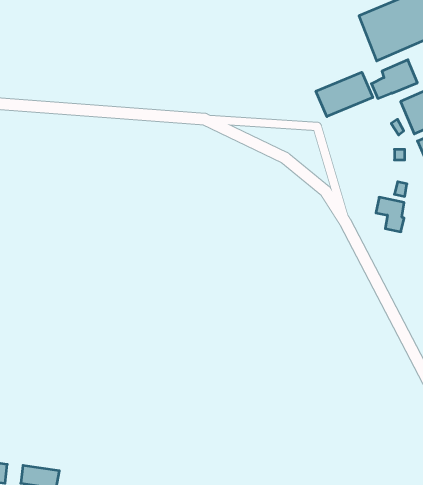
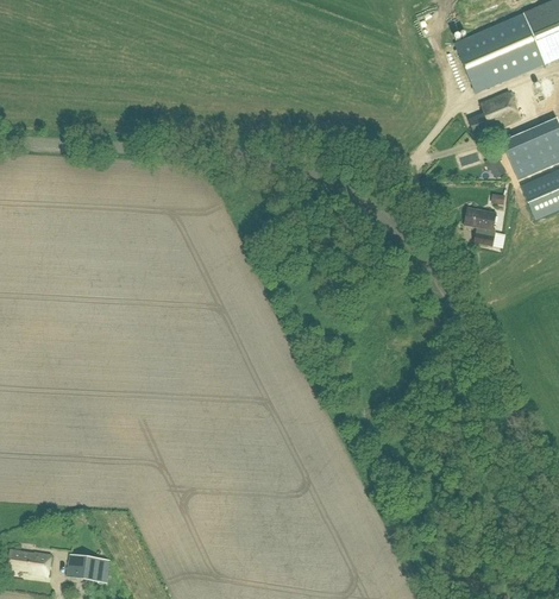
building: [316,72,373,117] -> none
building: [376,197,404,232] -> [463,206,495,245]

